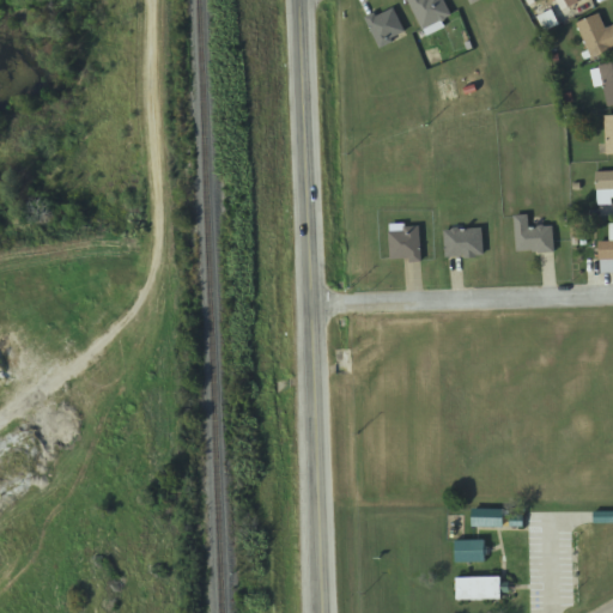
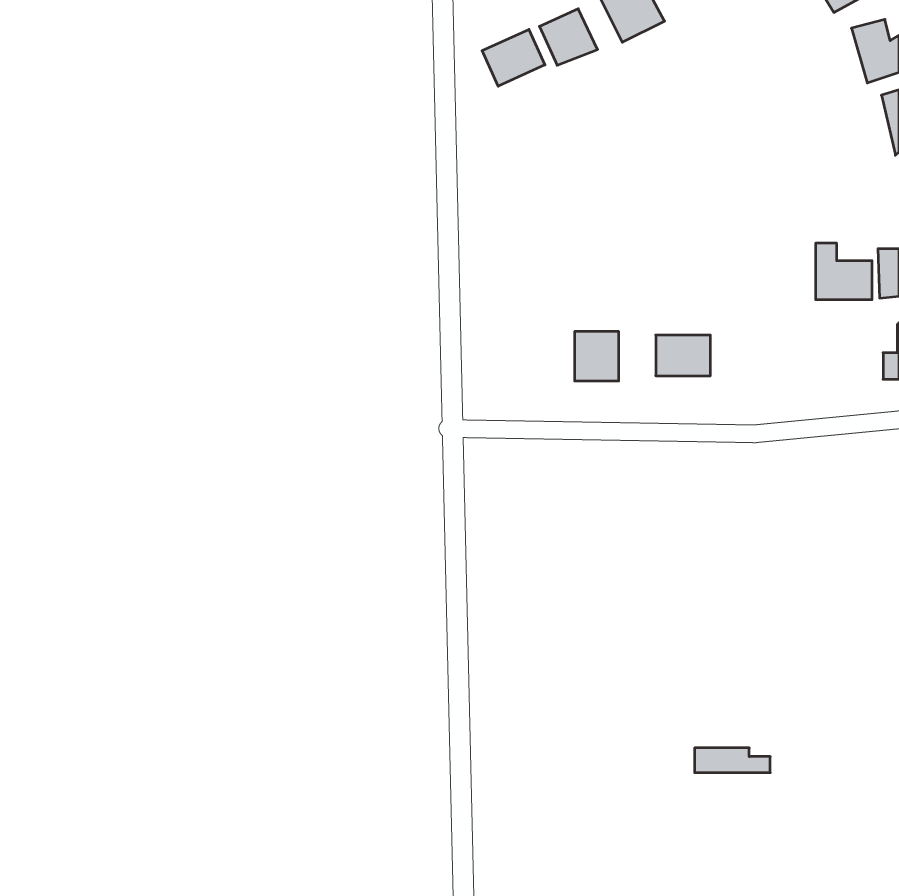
building: none -> [482,29,545,86]
building: [515,213,553,251] -> [816,243,872,300]
building: [455,539,485,560] -> none
building: [456,576,502,599] -> none

